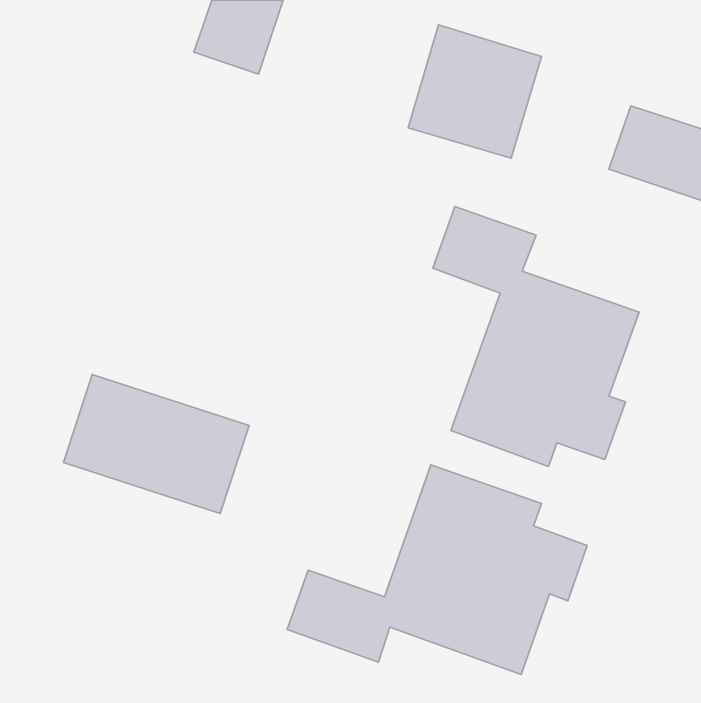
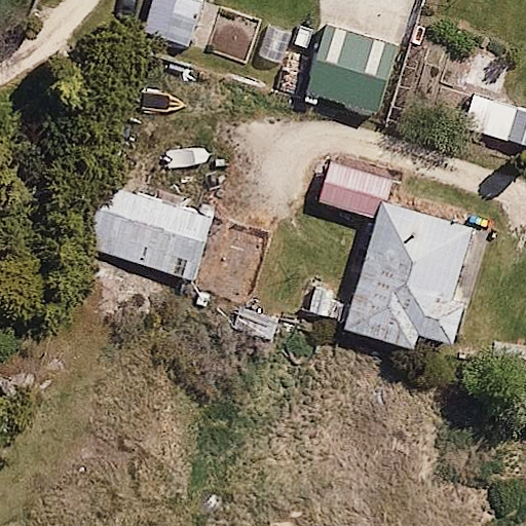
building: [63,375,249,513] -> [73,179,212,283]
building: [287,465,587,674] -> none

